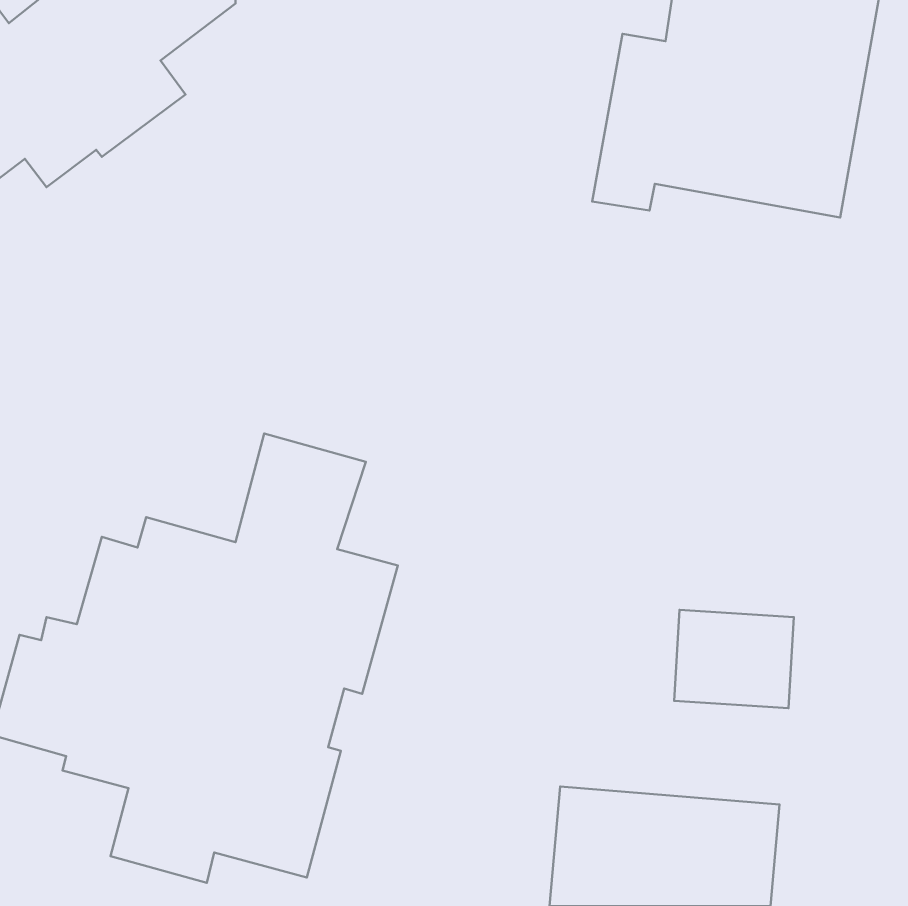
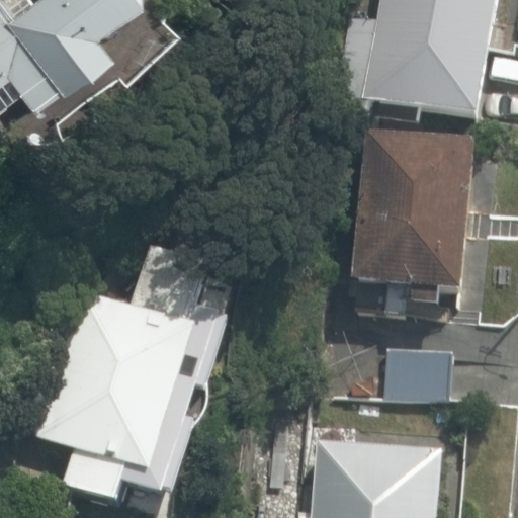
building: none -> [354,137,477,310]

